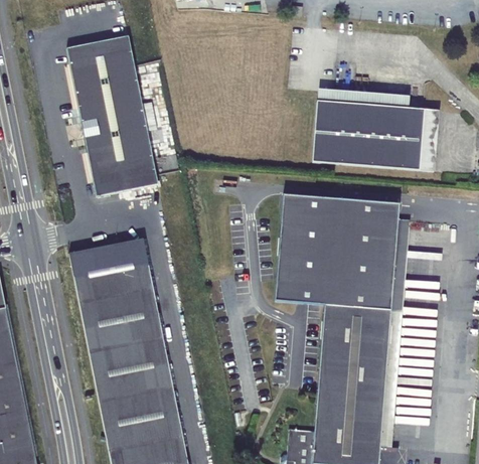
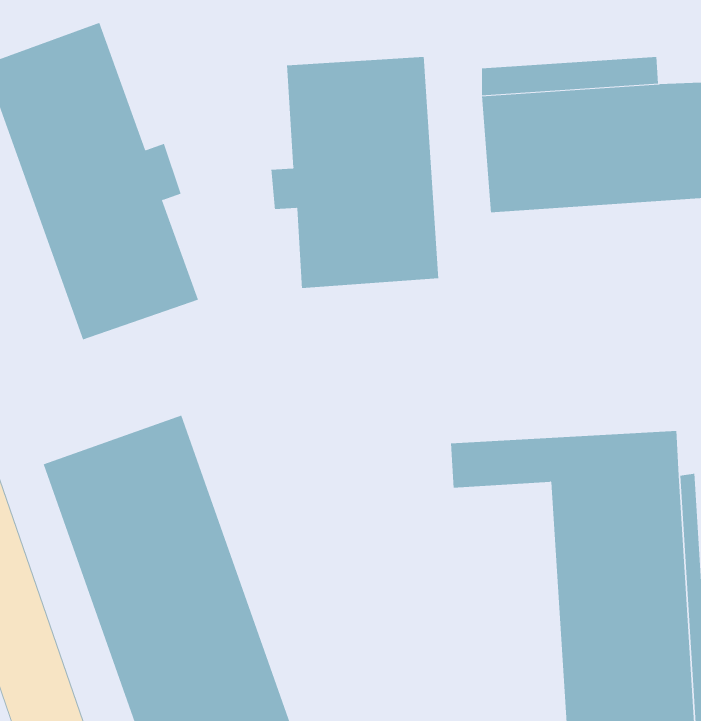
building: none -> [271,56,439,289]
building: [278,193,402,286] -> none

